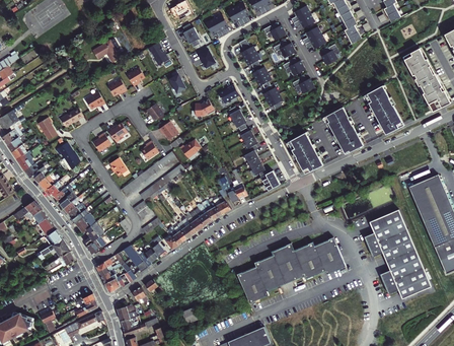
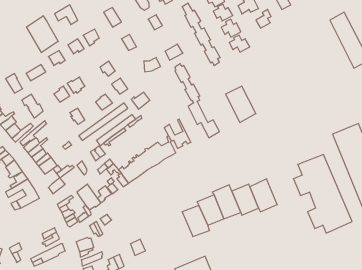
building: none -> [27,16,58,53]
building: [365,85,403,133] -> none
building: [324,108,363,154] -> none

